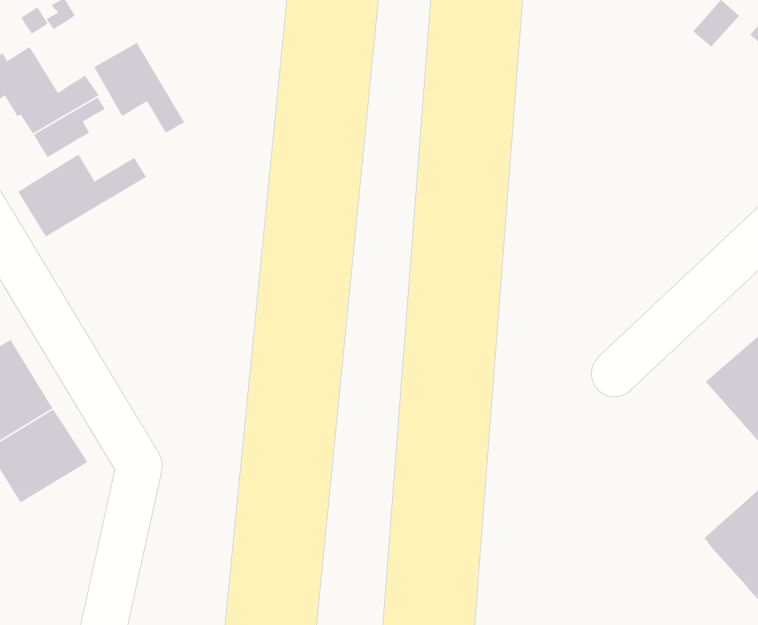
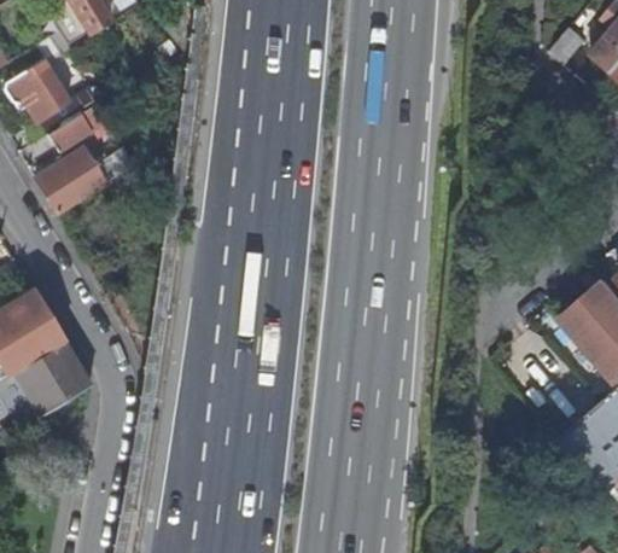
building: [93,42,185,134] -> none

